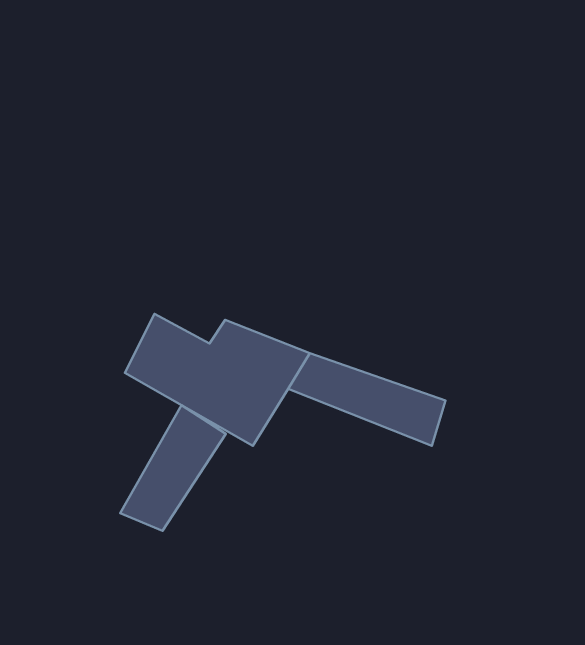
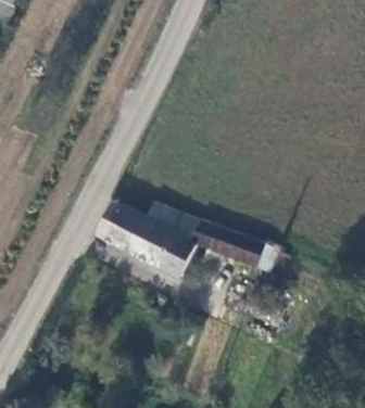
building: [120,405,226,531] -> none

